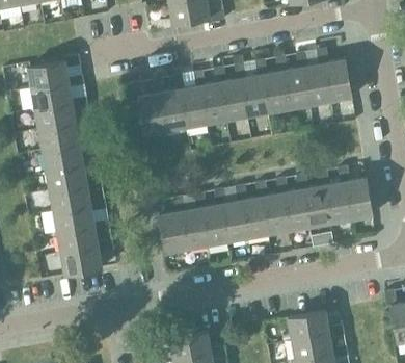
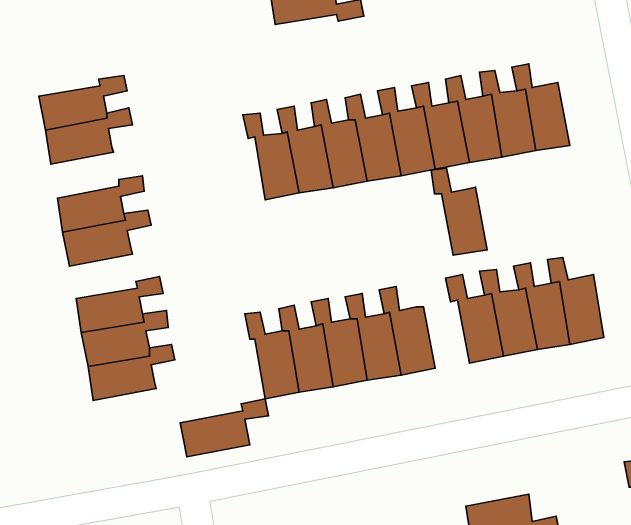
building: [132,82,165,136] -> none
building: [34,97,88,131] -> none
building: [46,158,99,192] -> none
building: [255,182,290,235] -> [431,168,487,255]
building: [60,240,114,276] -> [180,399,269,457]

